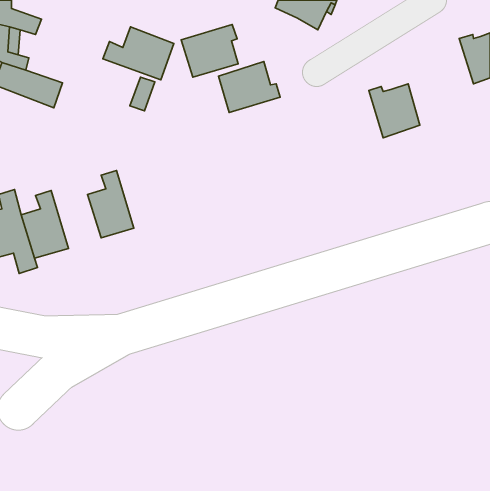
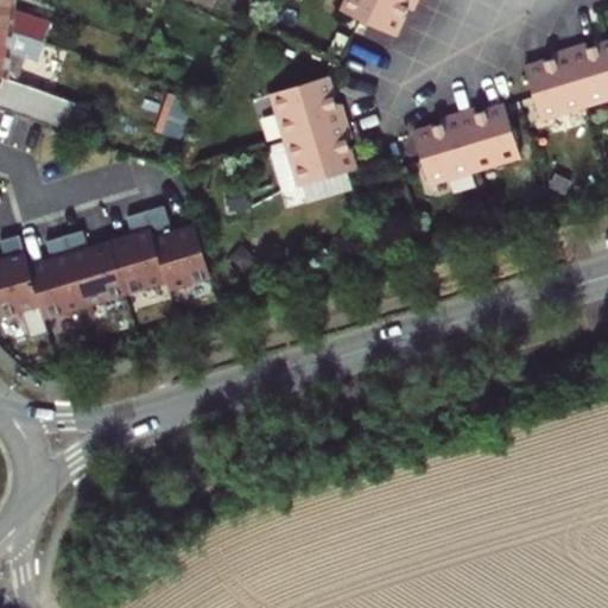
building: [181,24,238,77] -> [283,121,353,186]
building: [103,27,174,80] -> none
building: none -> [522,49,584,119]
building: none -> [411,113,473,185]
building: none -> [144,204,209,291]
building: none -> [63,230,125,308]

